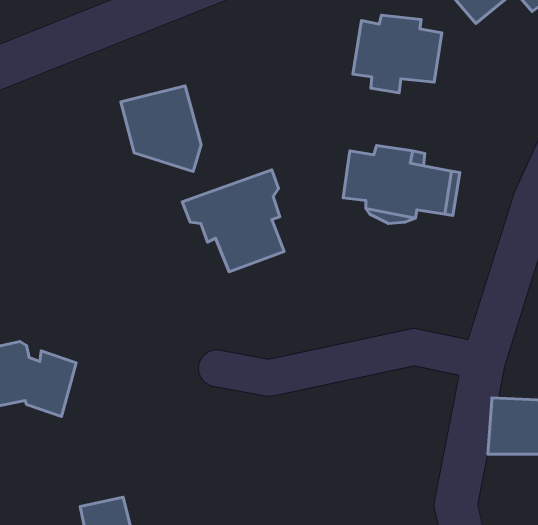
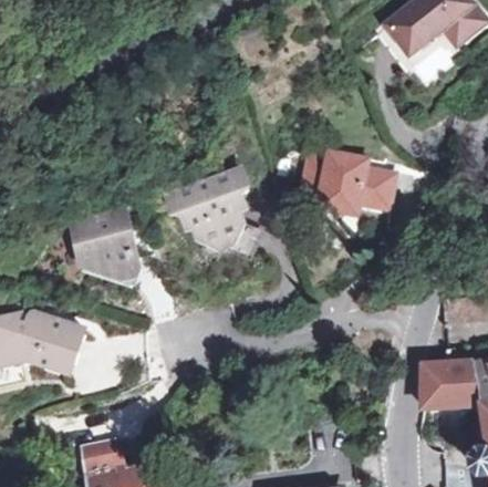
building: [353,15,442,93] -> none
building: [121,86,201,172] -> [70,211,136,282]

